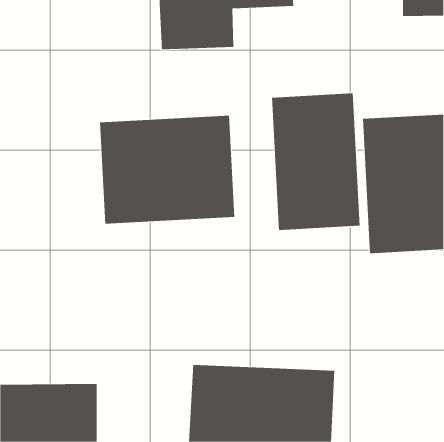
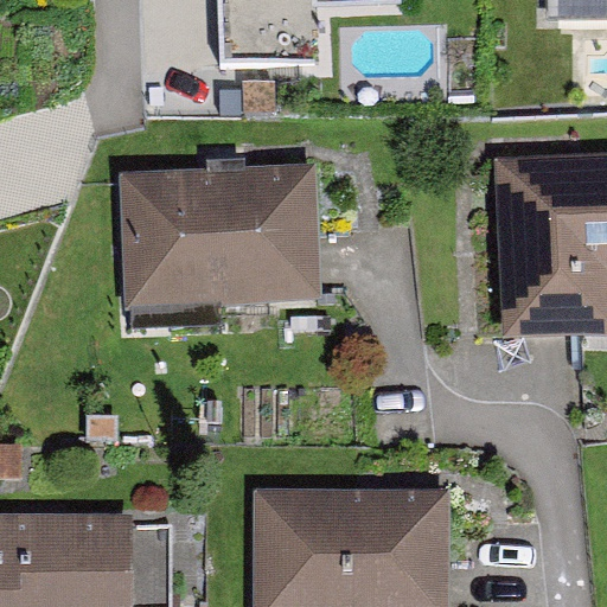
building: [271,92,360,231] -> none

